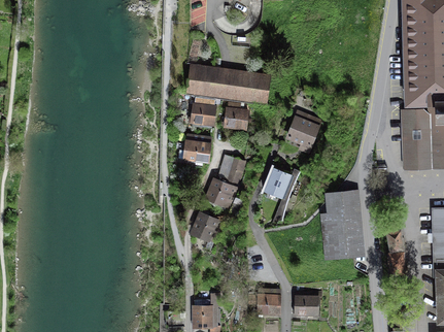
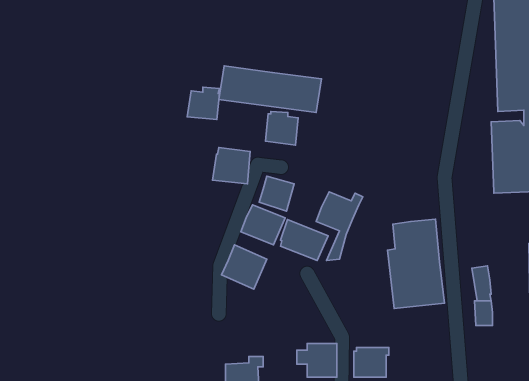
building: [191,98,216,124] -> [187,87,220,119]
building: [288,111,320,145] -> none
building: none -> [281,219,328,260]

